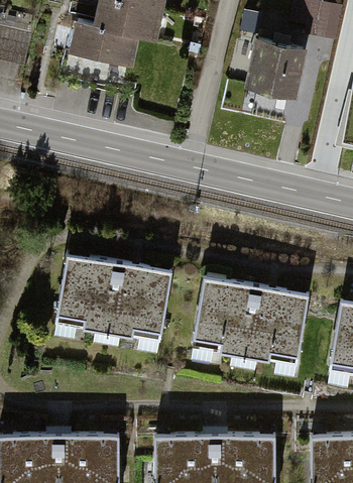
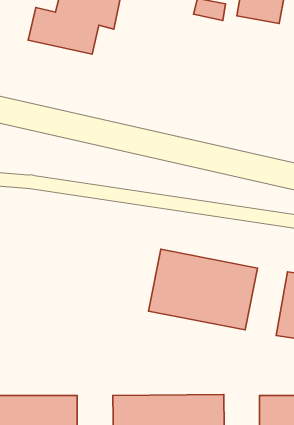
building: [245,36,309,97] -> none
building: [56,255,168,338] -> none

